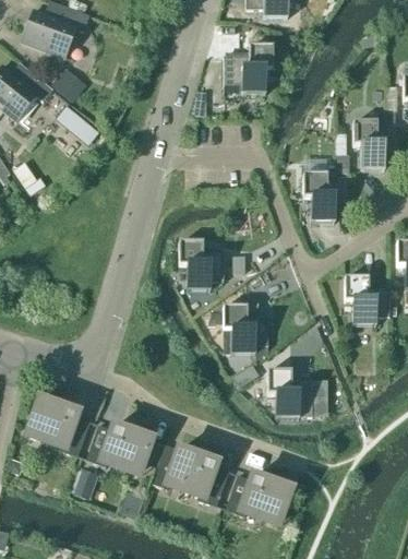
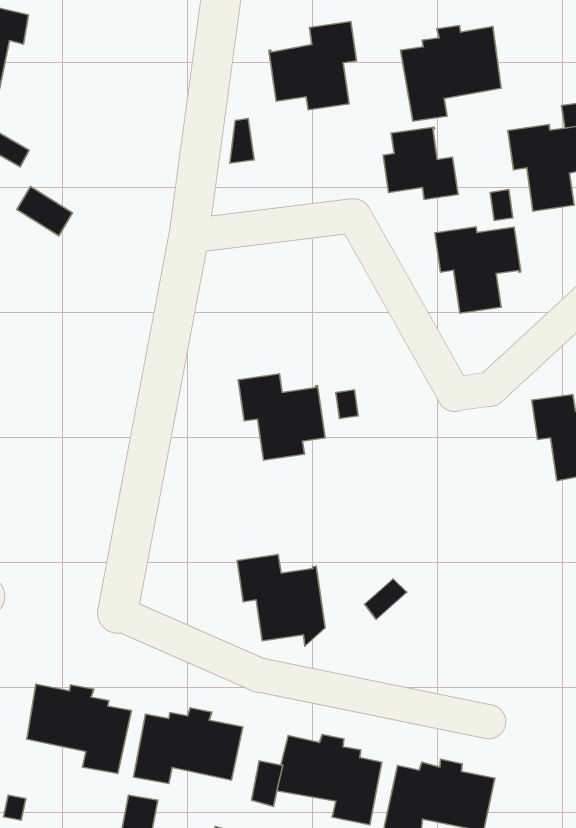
building: none -> [400,25,501,121]
building: none -> [383,127,458,199]
building: [224,306,268,360] -> [237,555,325,646]
building: [267,370,312,418] -> none

